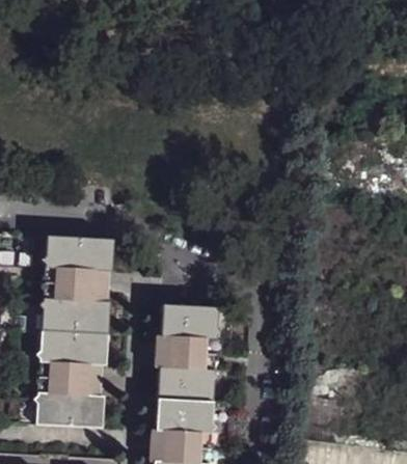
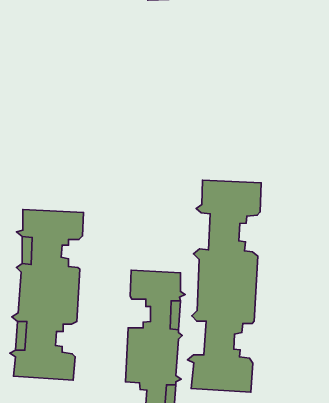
building: none -> [188,180,261,392]

